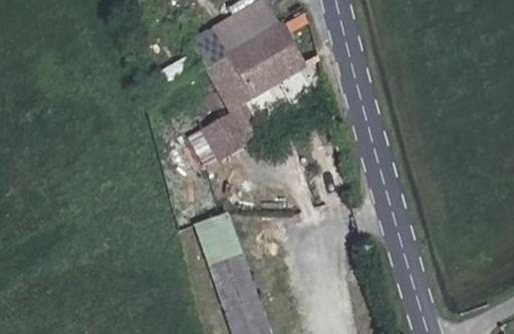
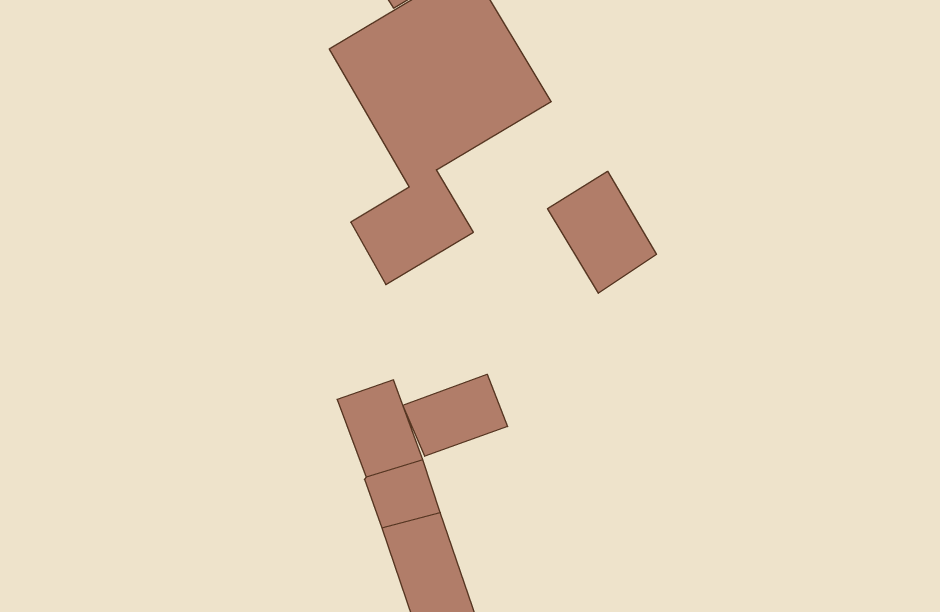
building: none -> [548,171,656,293]
building: none -> [403,374,508,456]

